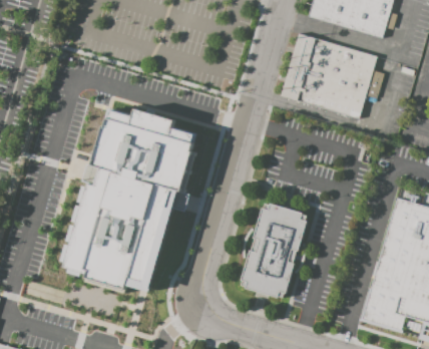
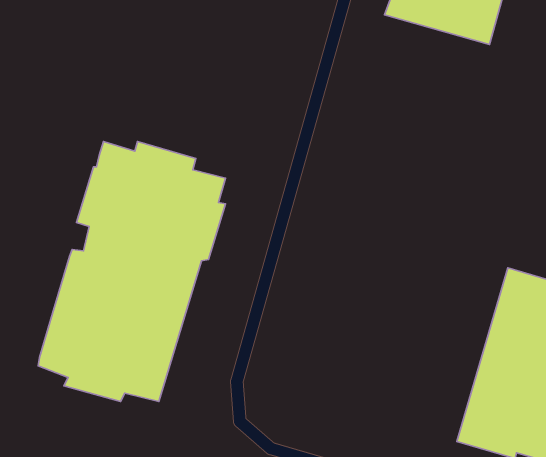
building: [282,34,386,119] -> none
building: [243,204,310,299] -> none

